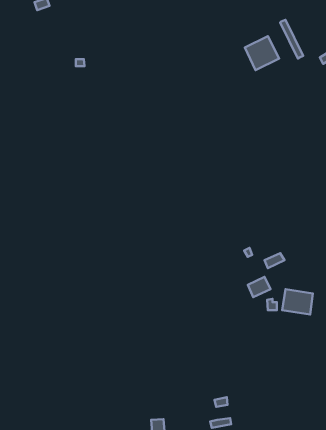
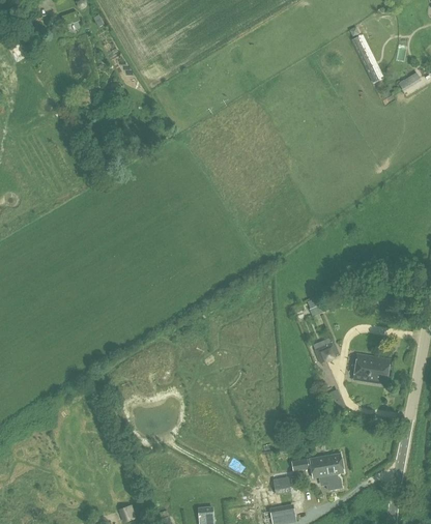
building: [245,36,279,70] -> none
building: none -> [291,452,343,489]

